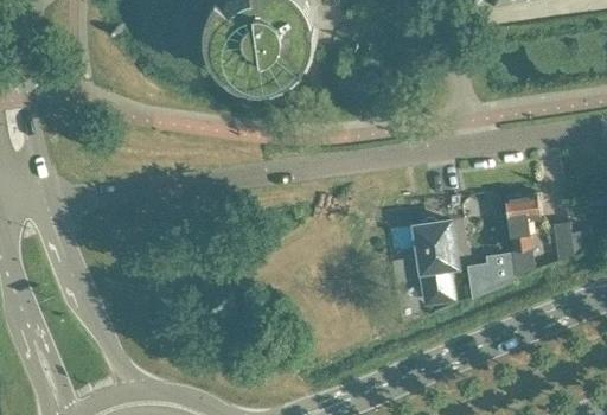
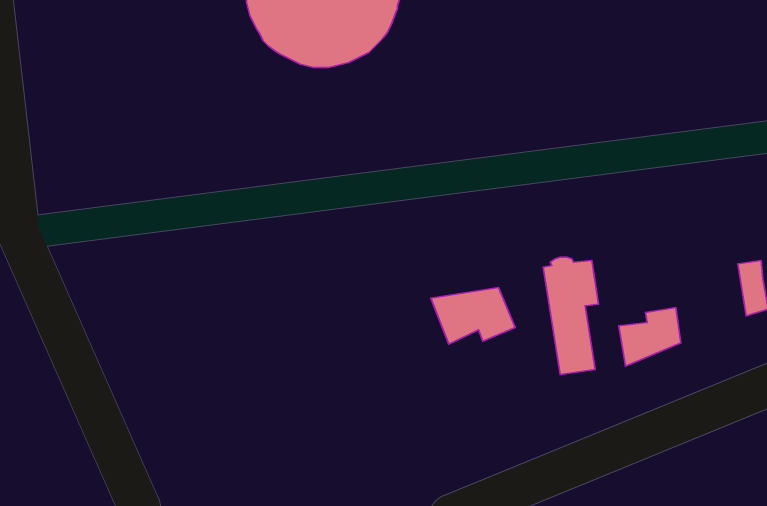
building: [503,194,539,277] -> none
building: none -> [431,288,515,344]

